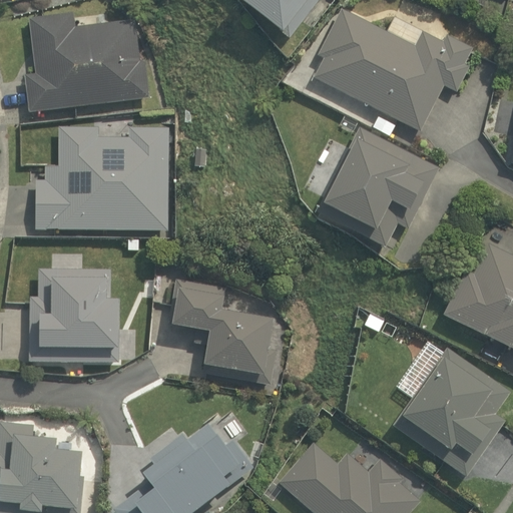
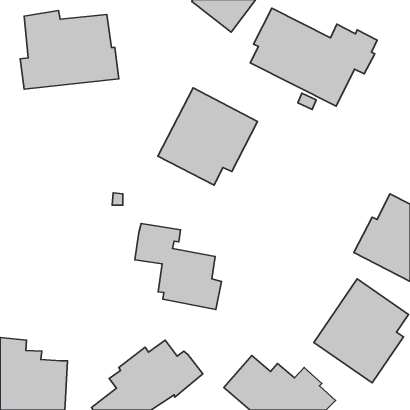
building: [34,125,168,230] -> none
building: [316,126,440,247] -> [158,88,257,185]
building: [27,269,118,361] -> none

